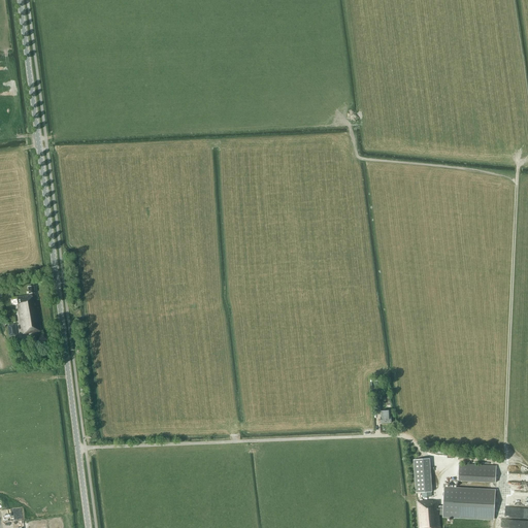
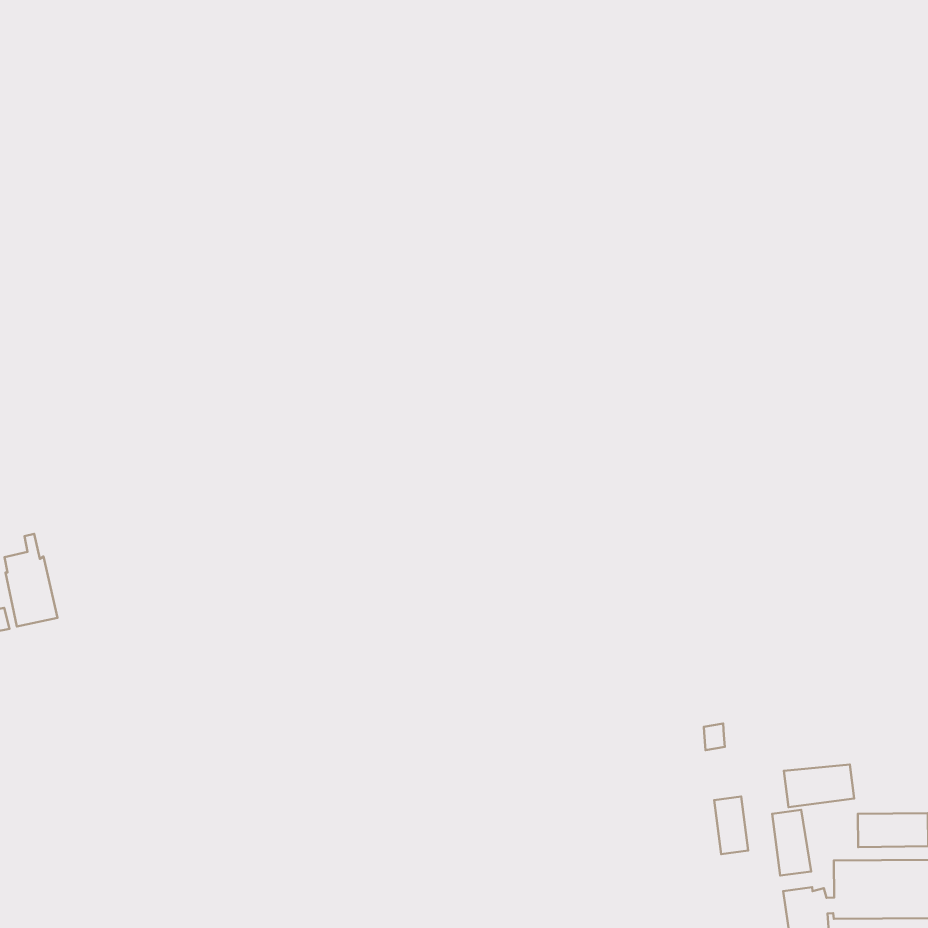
building: none -> [784,765,854,807]
building: none -> [714,796,748,854]

